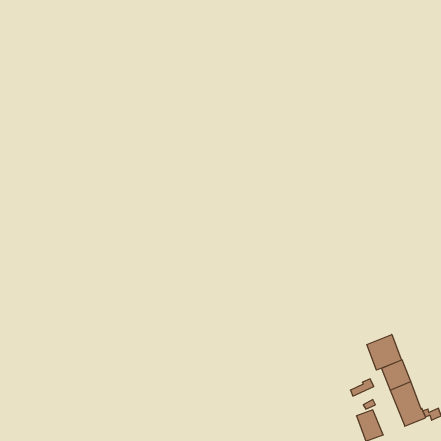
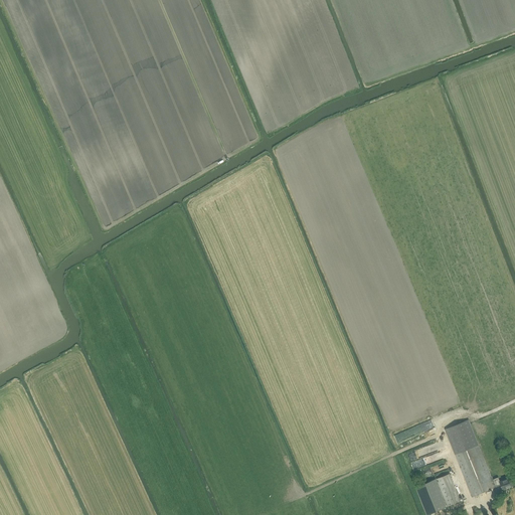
building: [367,334,402,370] -> none
building: none -> [437,473,461,506]

